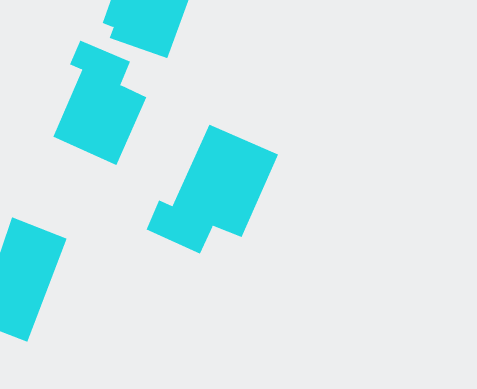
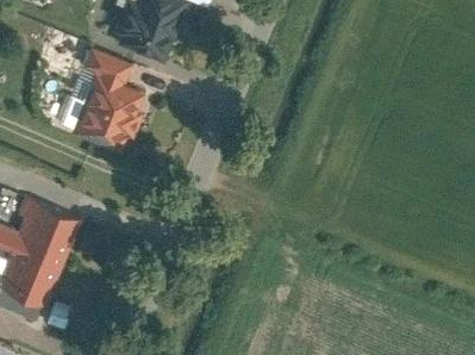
building: [146,124,279,254] -> none

